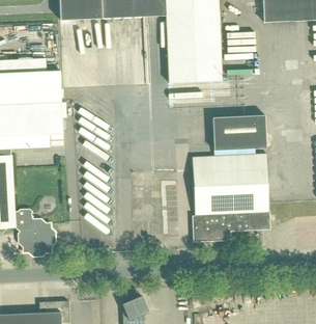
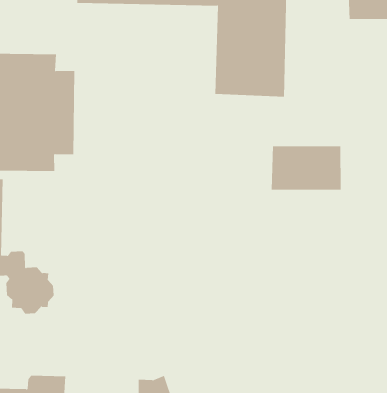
building: [190,154,269,241] -> none

